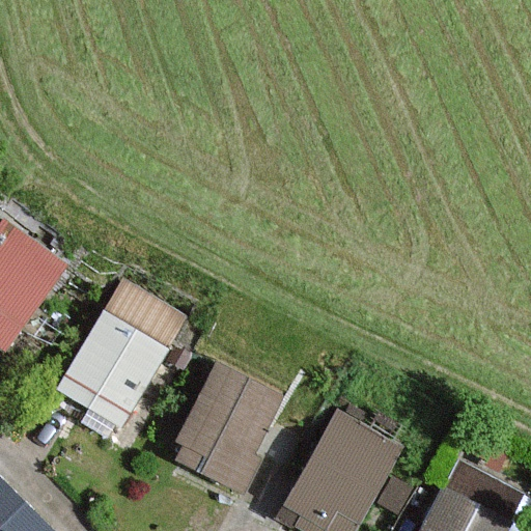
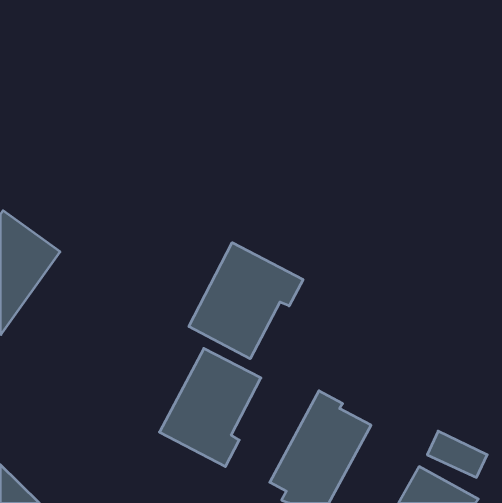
building: none -> [189,243,303,359]
building: [60,285,183,426] -> none

